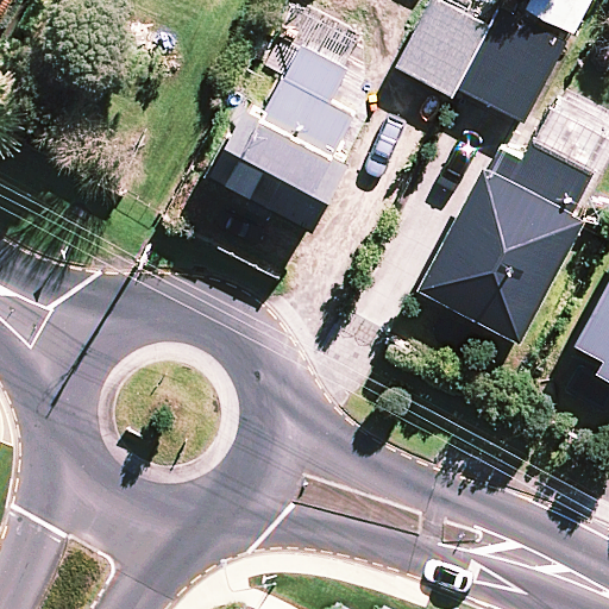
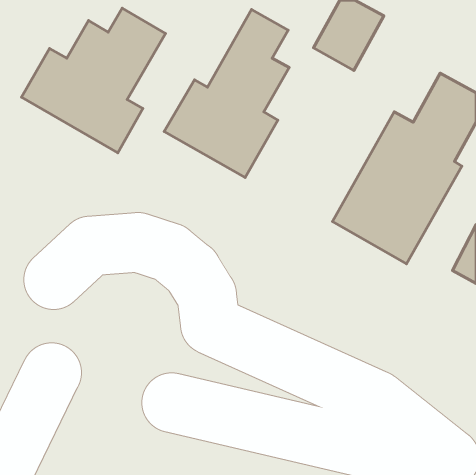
building: none -> [22,8,166,153]
building: [462,17,560,121] -> none

